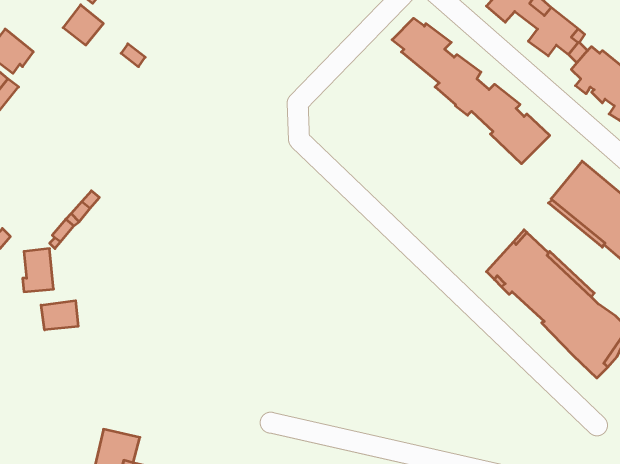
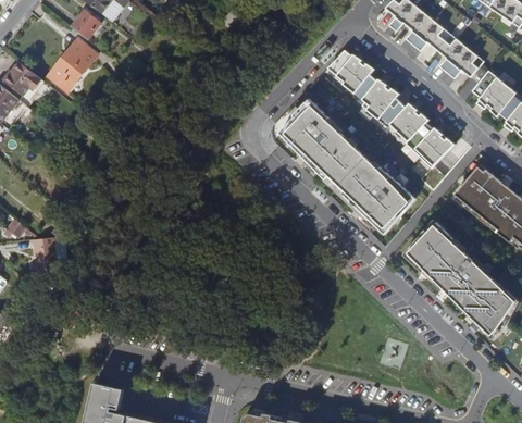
building: none -> [48,58,80,90]
building: none -> [279,99,415,235]
building: [41,301,78,330] -> none

